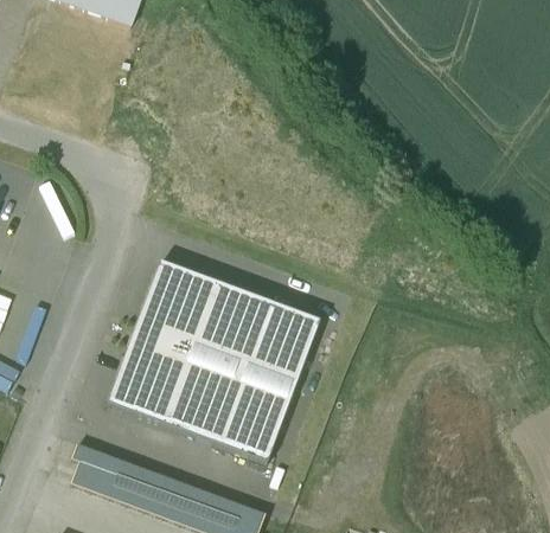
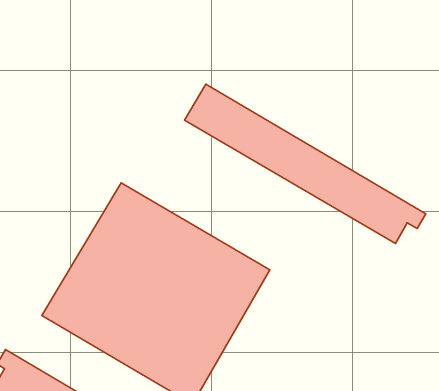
building: none -> [184,84,426,243]

